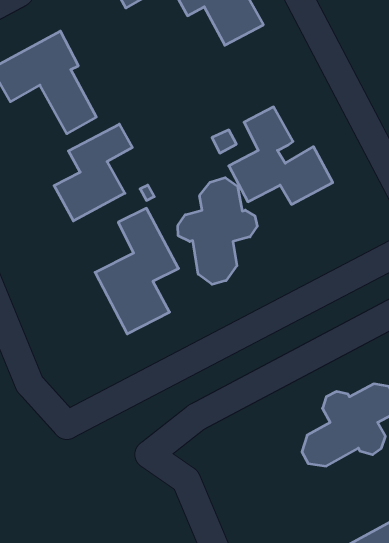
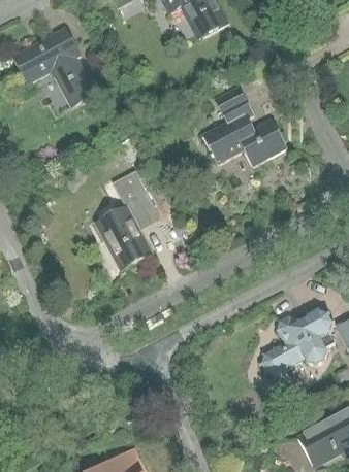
building: [54,124,132,221] -> none
building: [178,178,257,284] -> none

